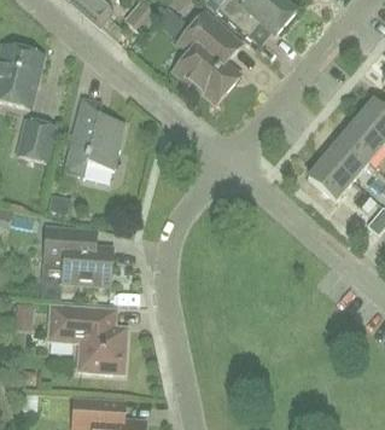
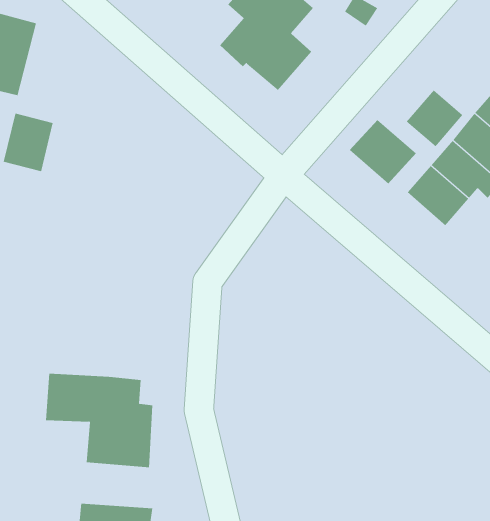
building: [64,98,126,175] -> none
building: none -> [406,89,463,147]
building: none -> [349,119,417,184]
building: [42,225,112,284] -> none

